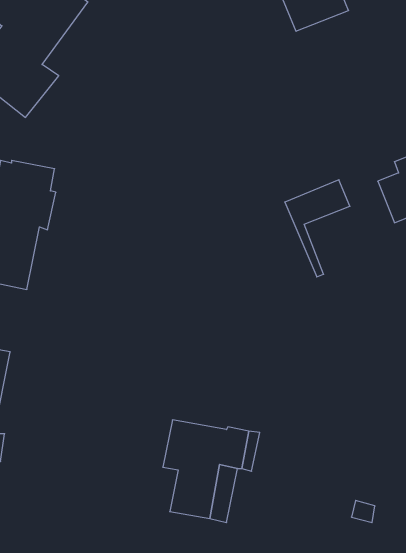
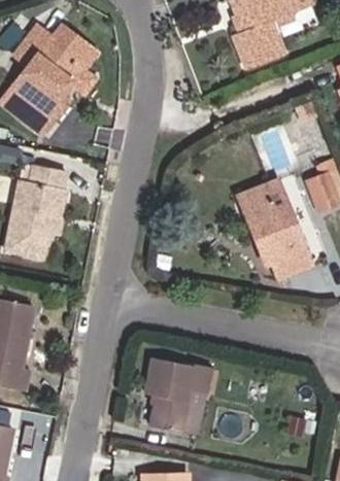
building: none -> [251,199,312,279]

